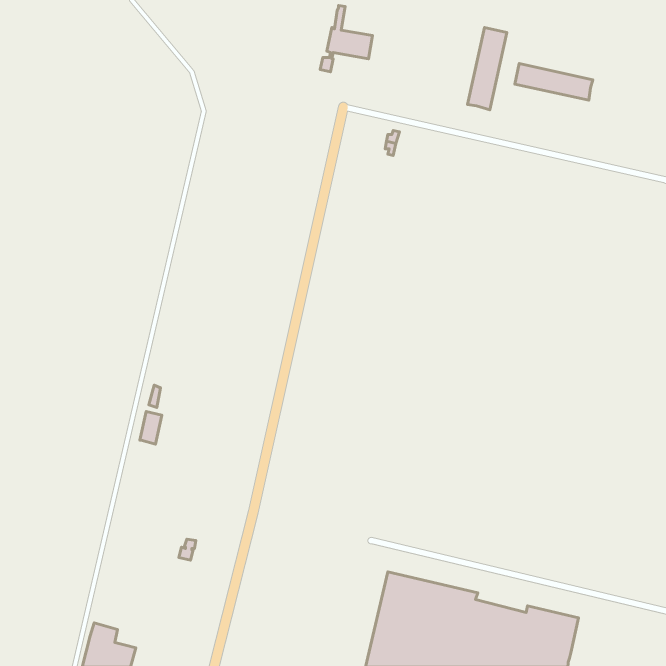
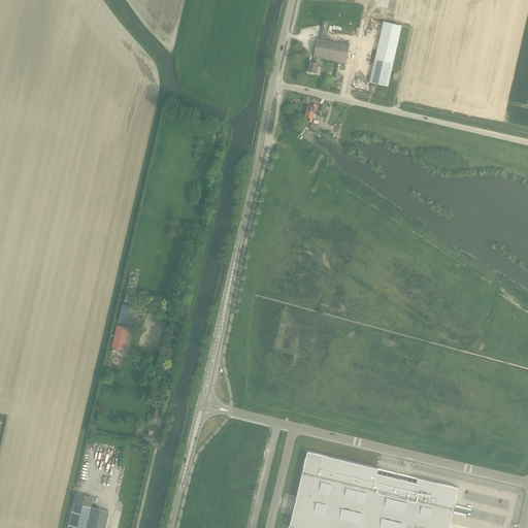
building: [320,5,372,72] -> [307,22,349,74]
building: [515,63,593,100] -> none

